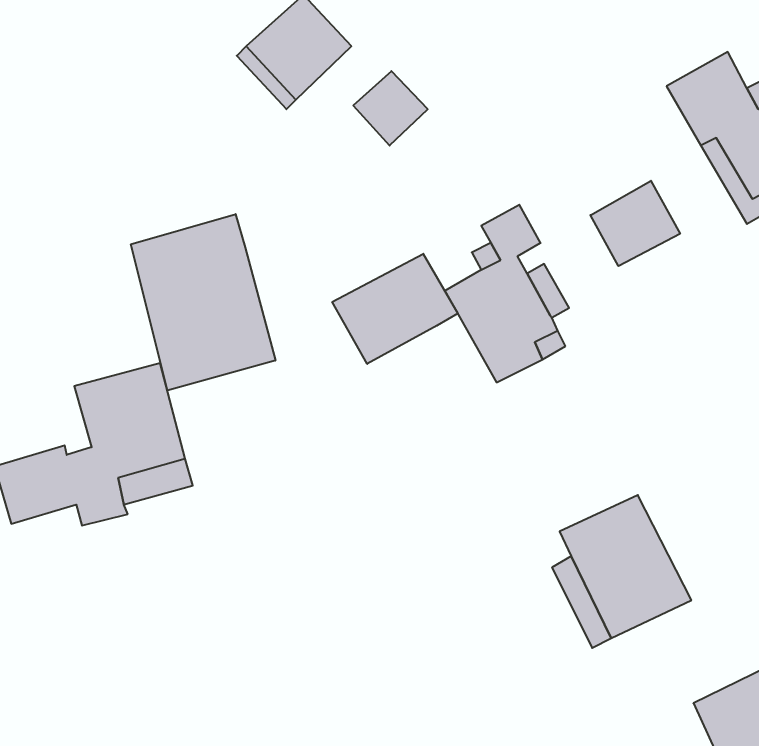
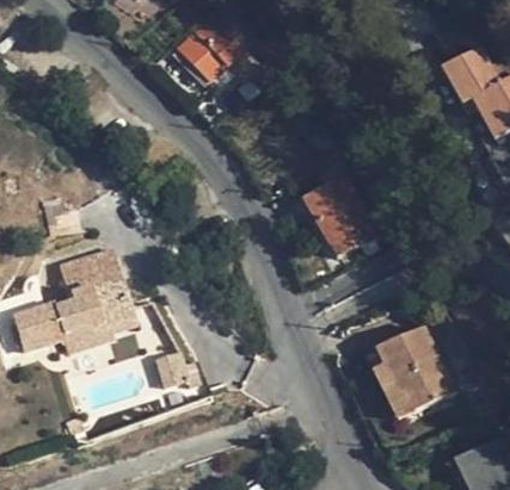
building: [590,181,680,266] -> none
building: [131,214,275,391] -> none
building: [332,254,458,364] -> none

